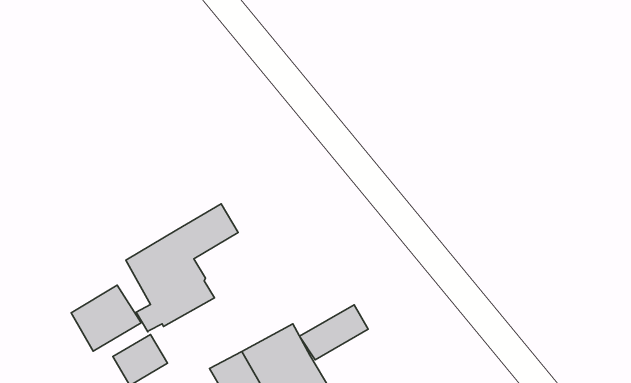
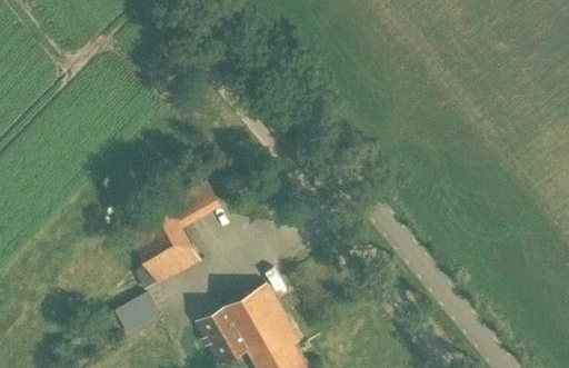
building: [71,285,141,351] -> none
building: [299,305,368,360] -> none

